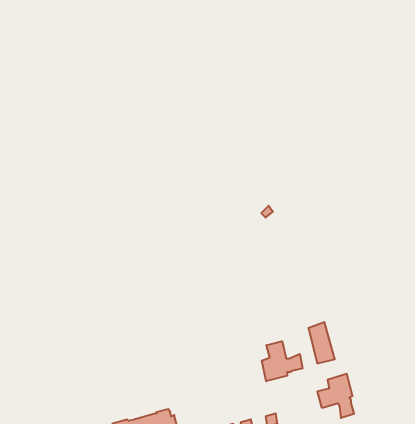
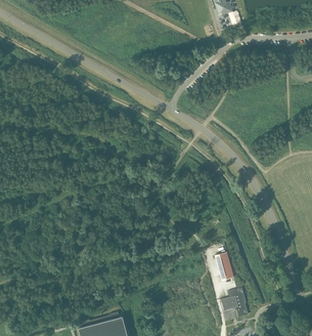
building: [262,341,303,381] -> none

